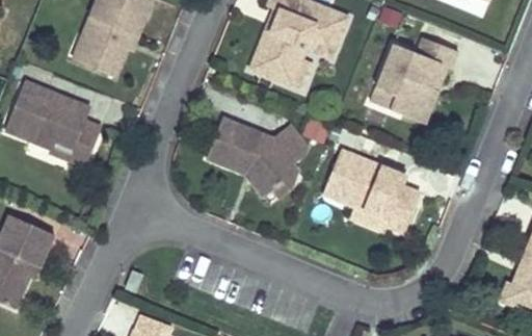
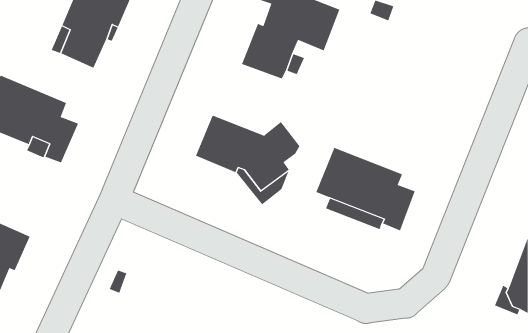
building: [377,35,460,122] -> none

